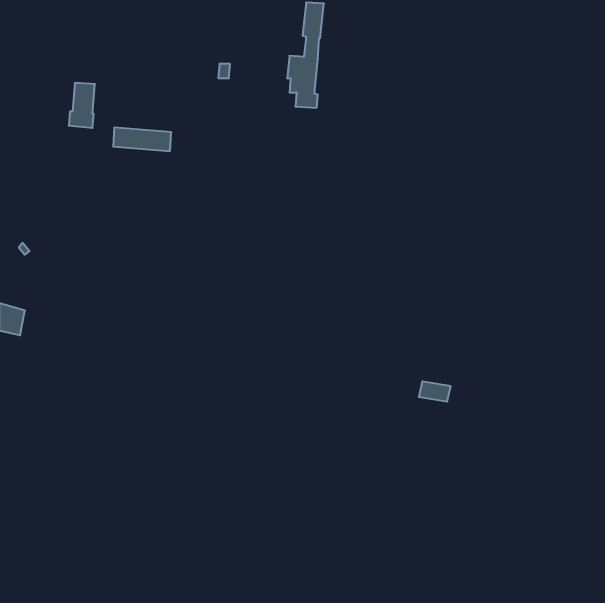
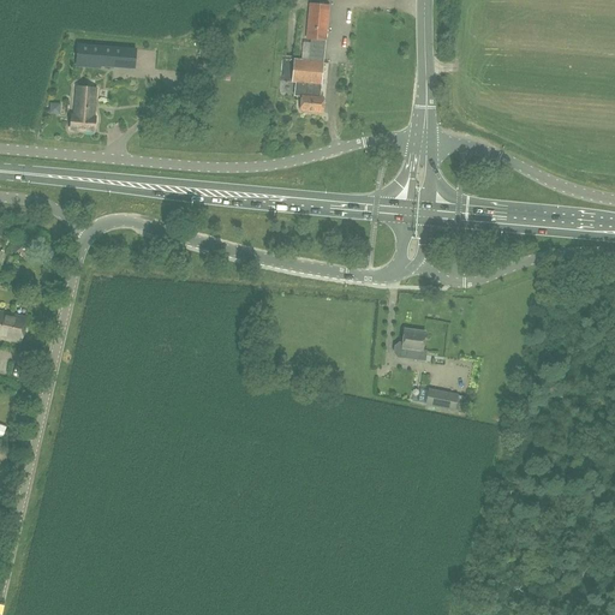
building: [113,127,171,151] -> [76,42,135,66]
building: none -> [393,327,425,358]

